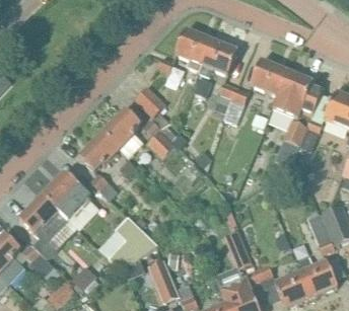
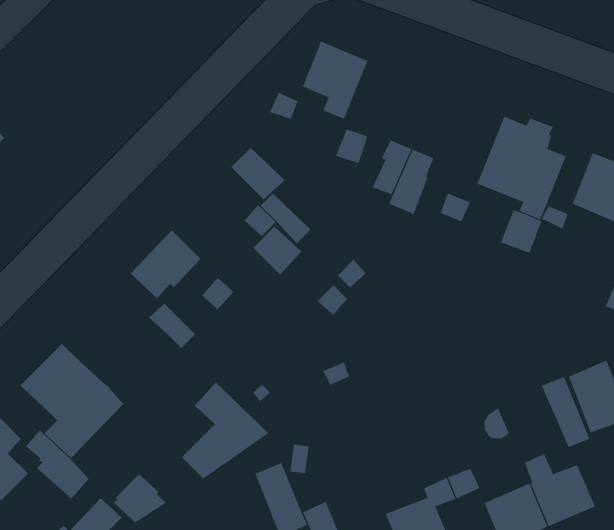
building: [198,38,237,75] -> none
building: [250,59,286,94] -> none
building: [102,108,140,148] -> none
building: [42,170,90,219] -> none
building: [223,229,252,268] -> none

